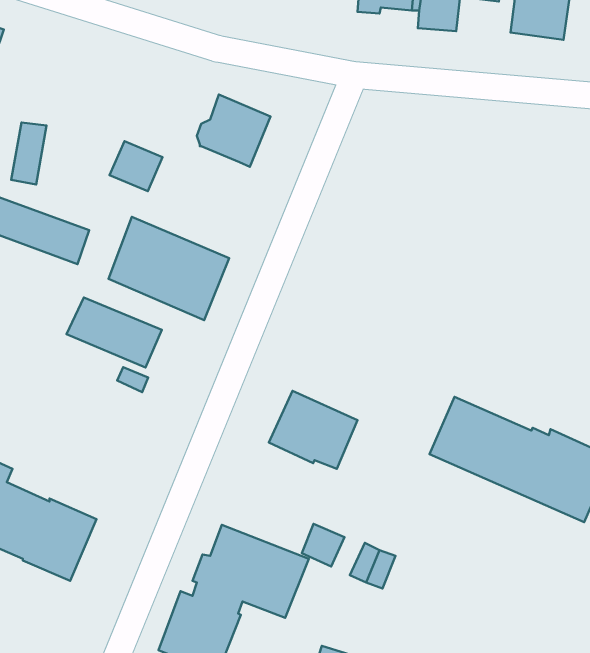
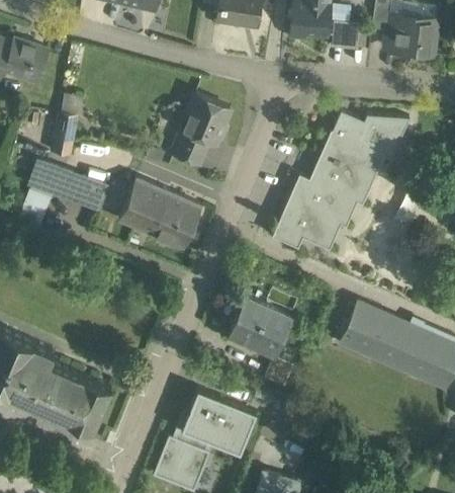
building: none -> [273,111,411,249]
building: [110,141,163,191] -> [173,130,209,164]
building: [67,297,162,368] -> none
building: [302,524,344,567] -> [265,357,294,387]

